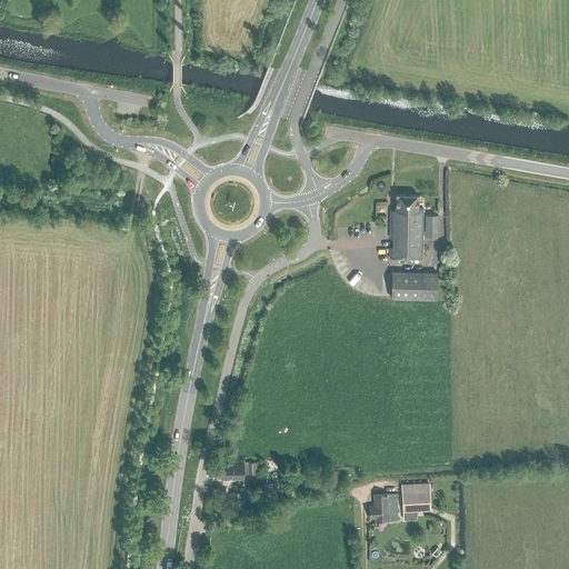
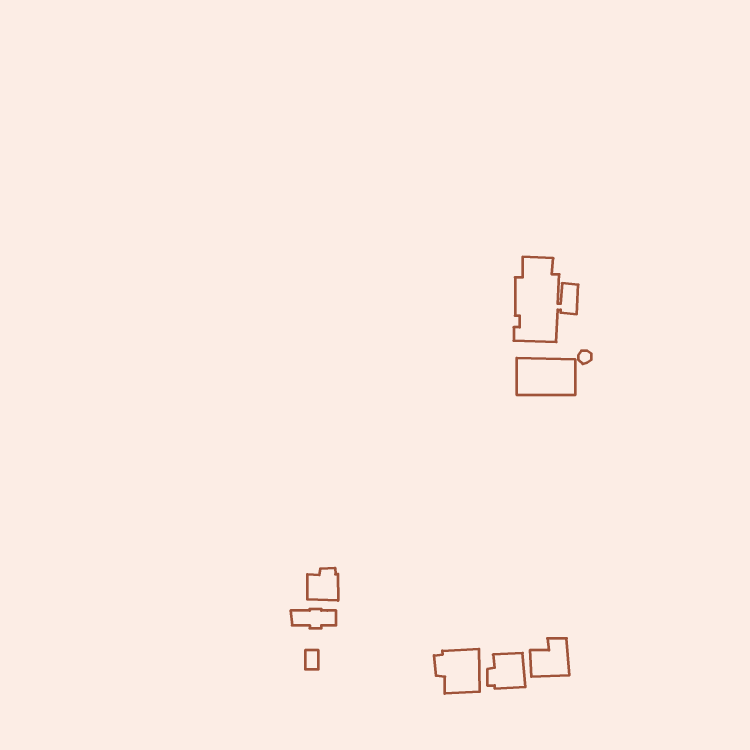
building: none -> [307,568,338,601]
building: none -> [434,649,480,694]

